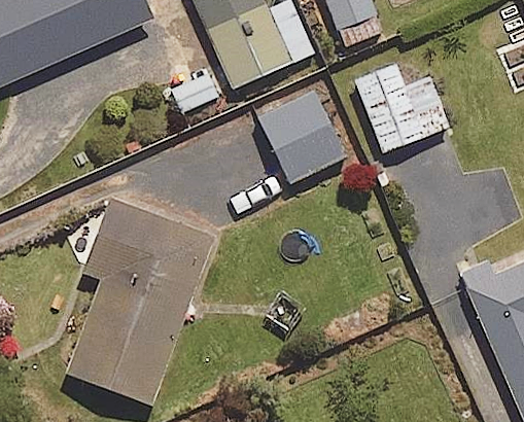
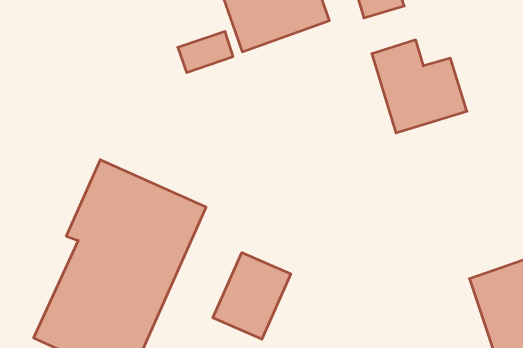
building: [258,89,348,183] -> none
building: none -> [213,253,291,339]

